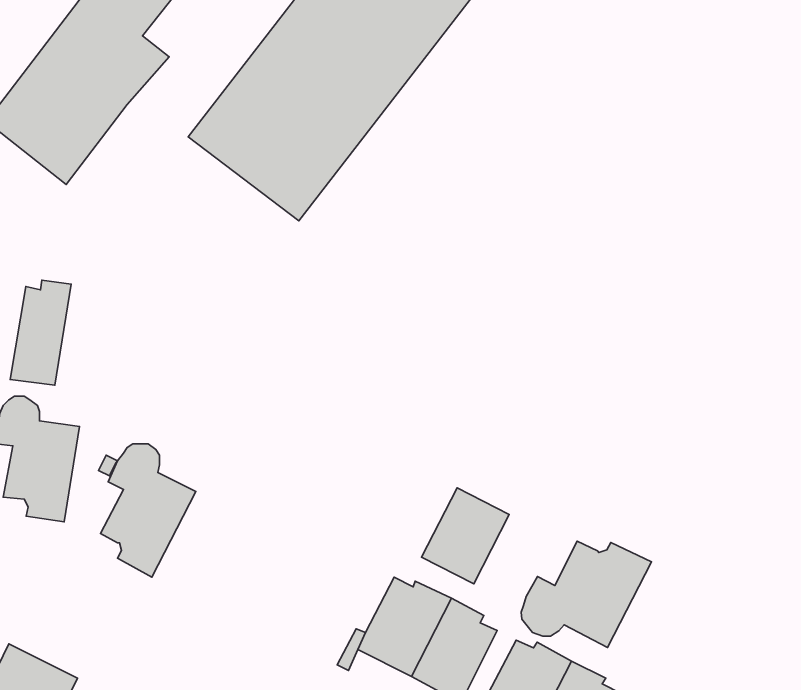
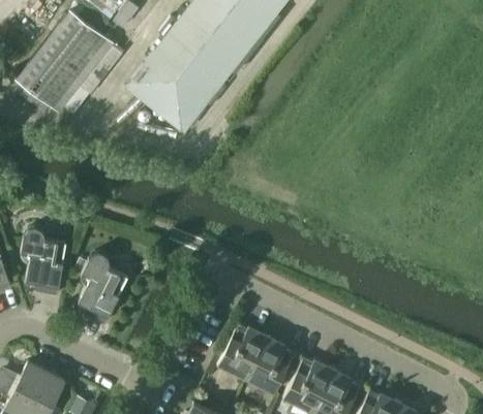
building: [10,280,71,385] -> none
building: [422,488,509,584] -> none
building: [521,541,652,648] -> none

